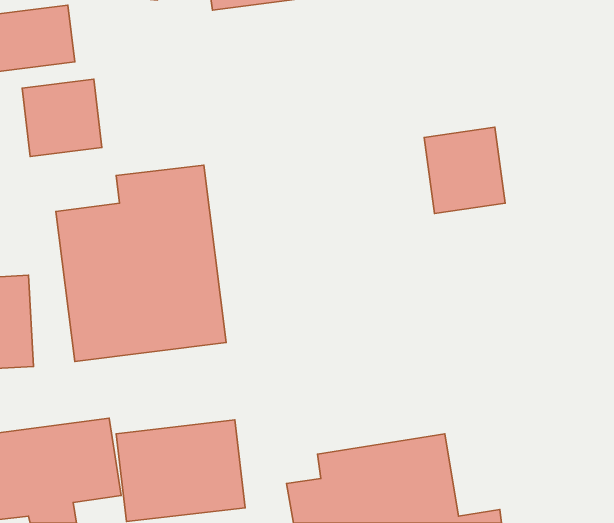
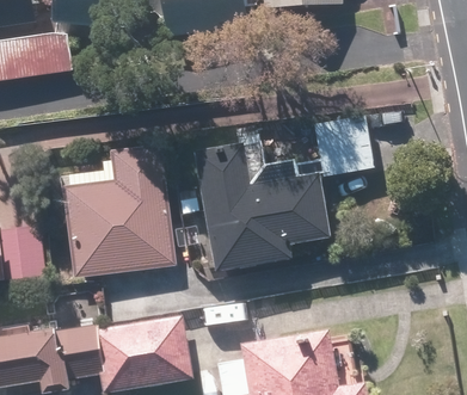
building: [22,79,102,157] -> none
building: none -> [193,140,331,269]

